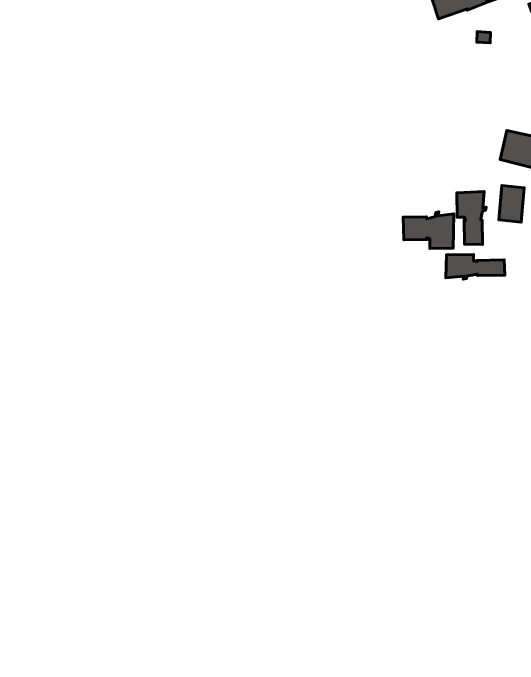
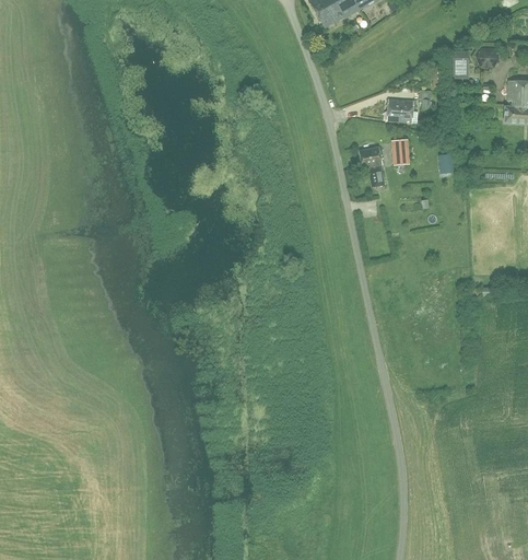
building: [403,212,454,248] -> none
building: [446,255,505,279] -> none

